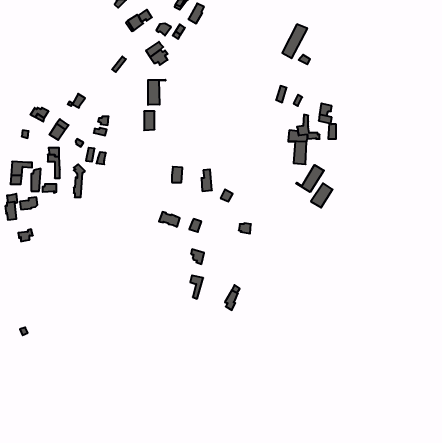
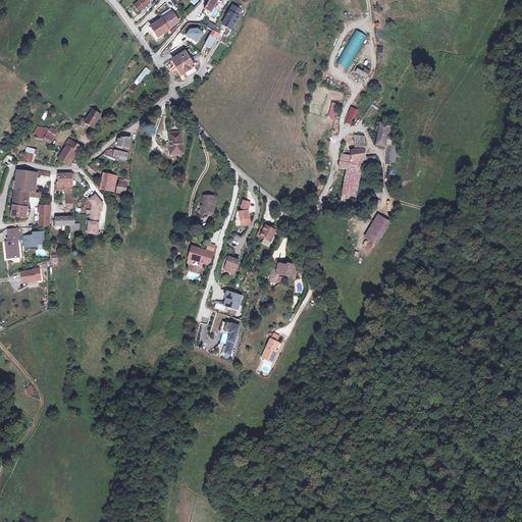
building: [148,80,165,105] -> none
building: none -> [14,170,42,191]
building: [296,165,324,192] -> none

